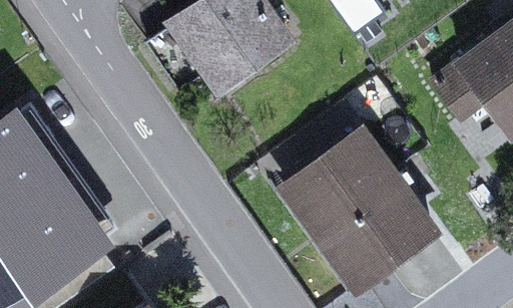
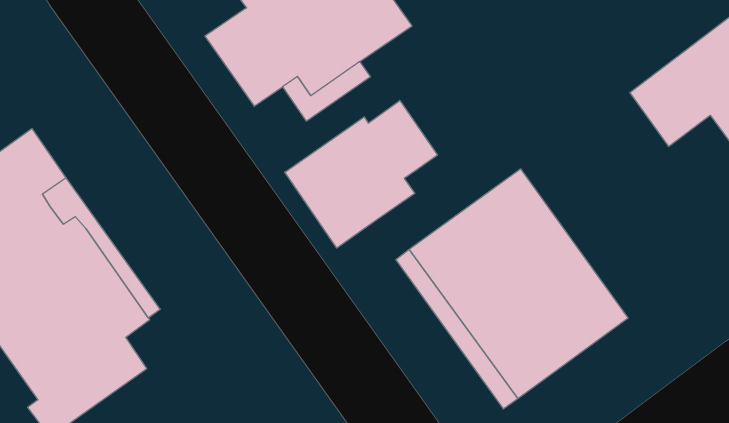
building: none -> [285,100,437,248]

